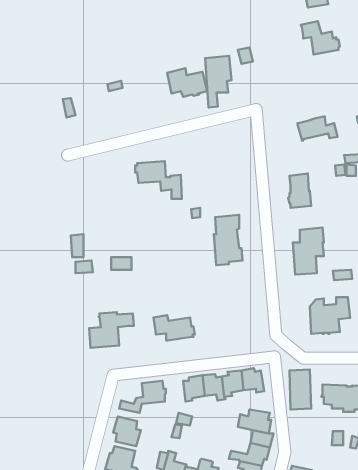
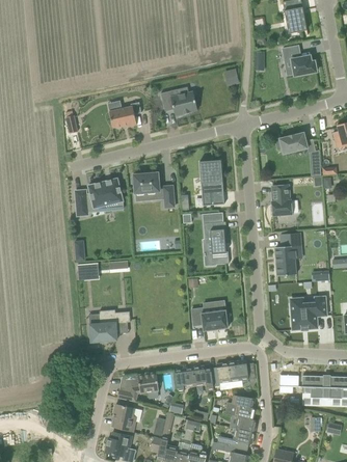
building: [205,56,231,108] -> [199,159,223,206]
building: none -> [109,102,141,127]
building: none -> [76,178,123,215]
building: [154,315,195,340] -> [192,307,230,330]

